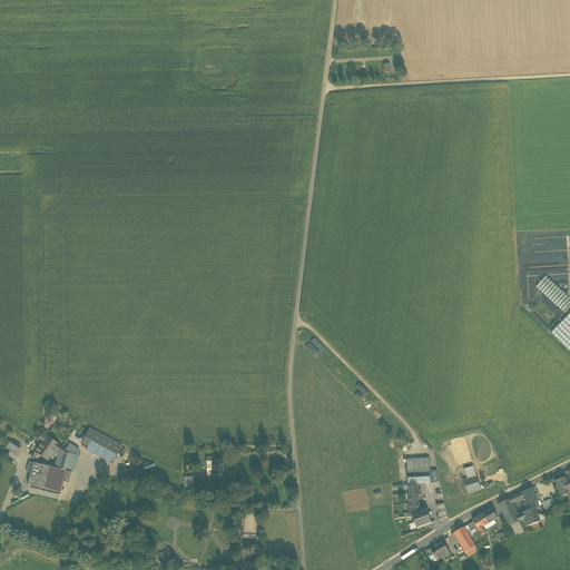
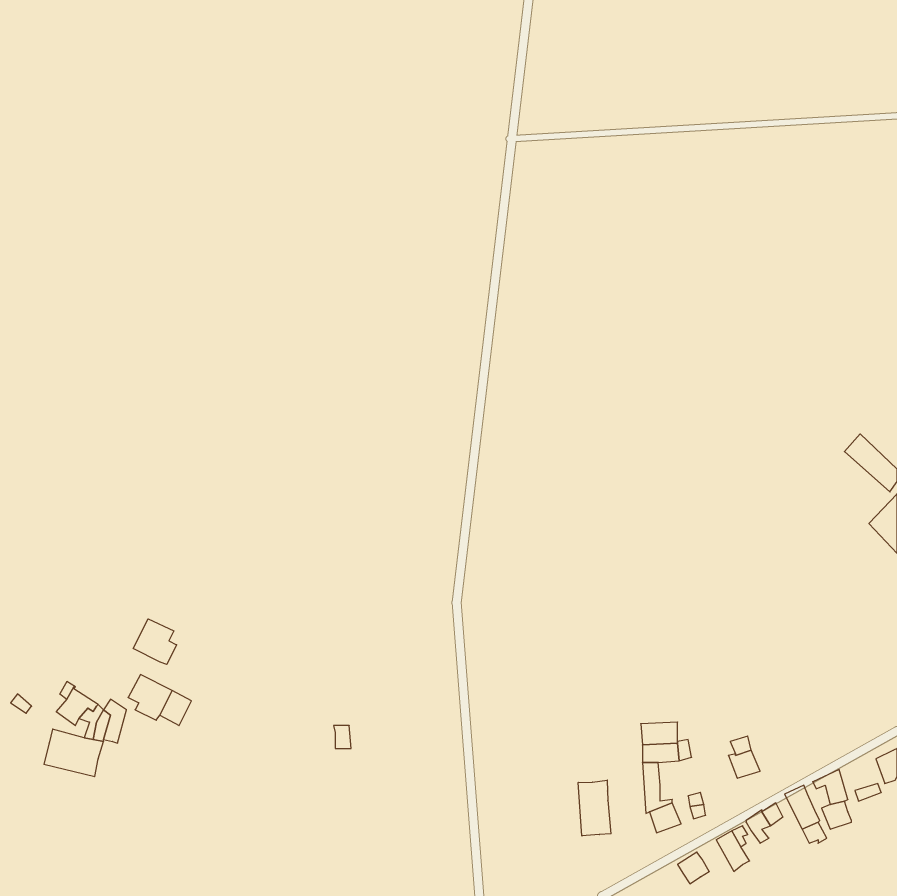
building: none -> [133,619,177,664]
building: none -> [578,780,611,836]

